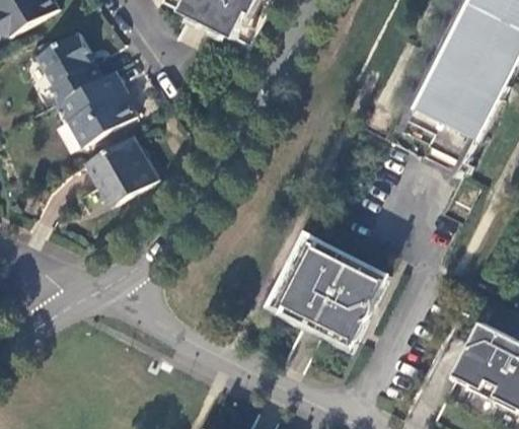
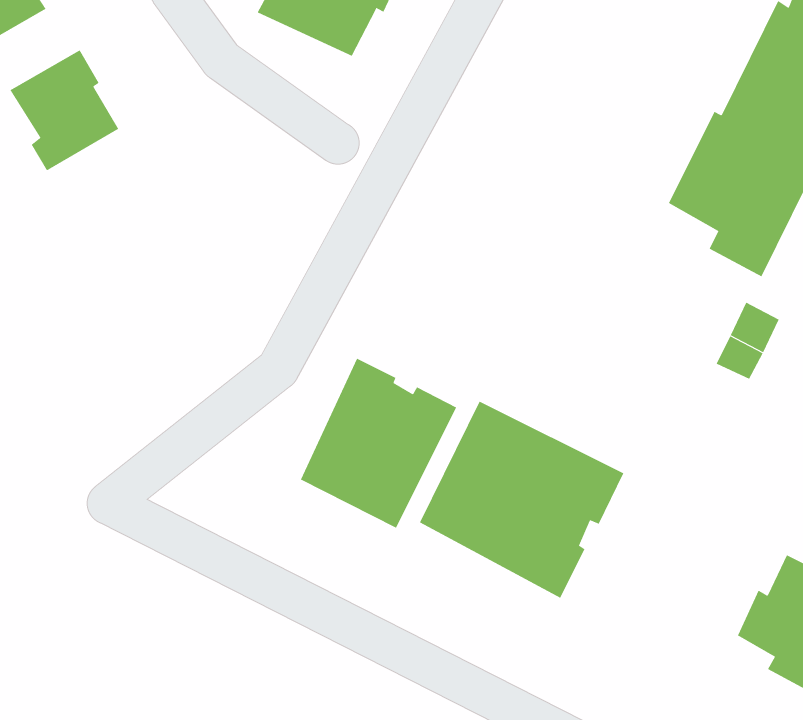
building: [56,70,134,145] -> none
building: [84,134,157,200] -> none
building: none -> [300,358,457,529]

